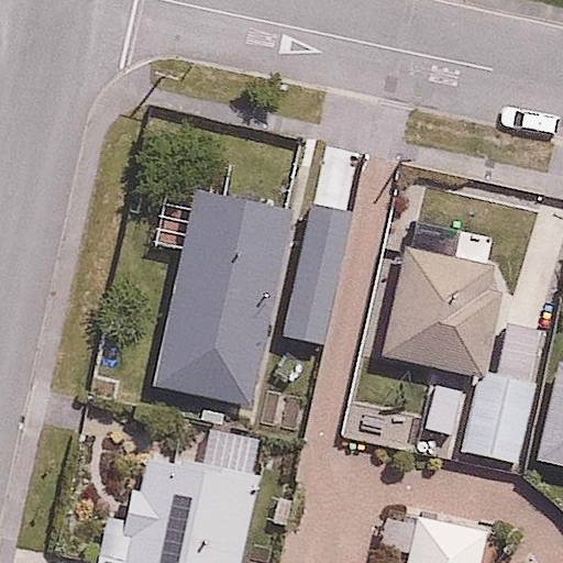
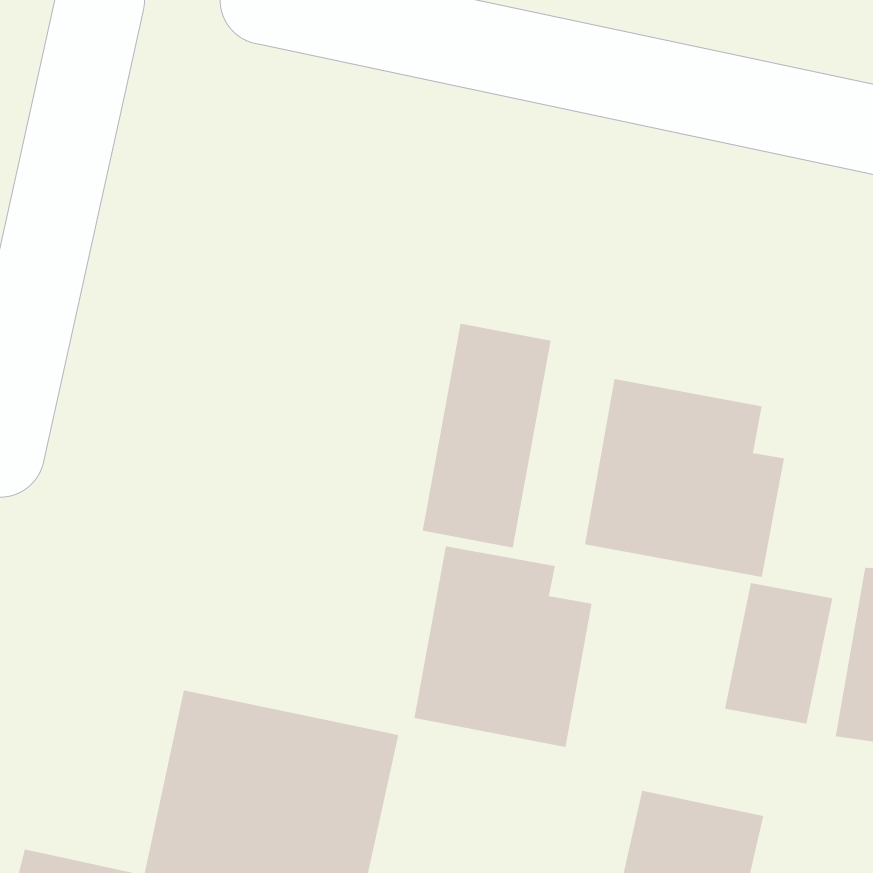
building: [153,191,292,418] -> none
building: none -> [414,546,592,748]

